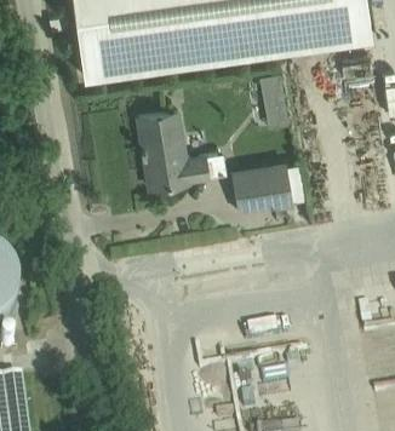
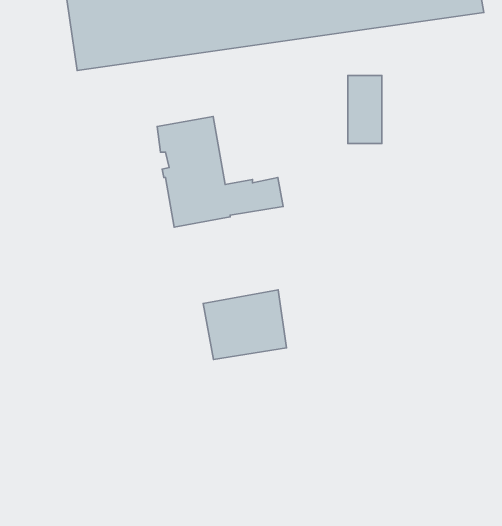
building: [231,162,291,212] -> [203,290,287,360]

